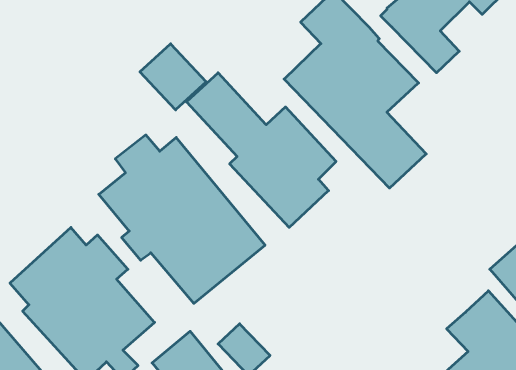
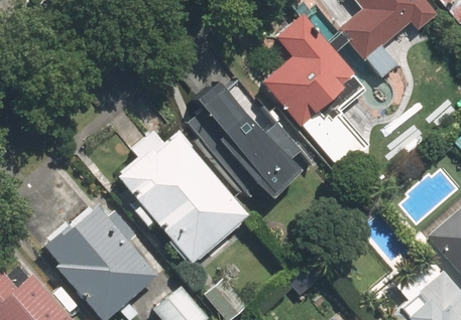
building: [140,44,206,110] -> none

